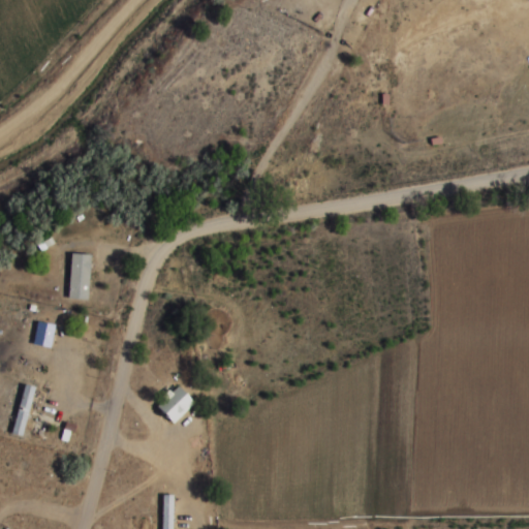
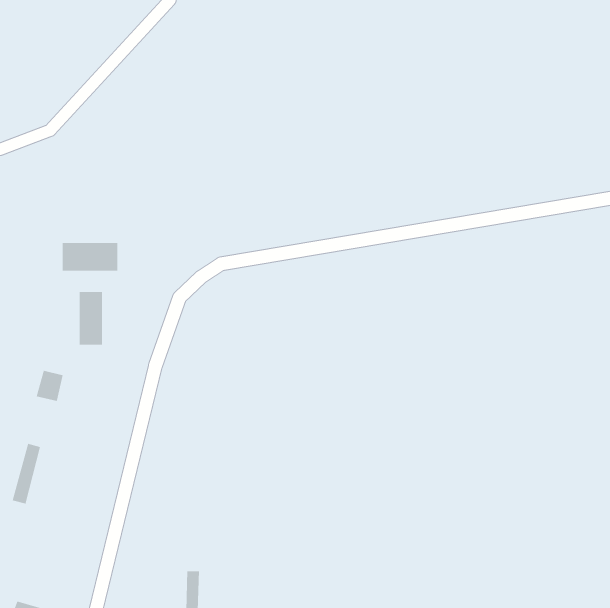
building: none -> [62,242,118,272]
building: [156,385,196,425] -> none

